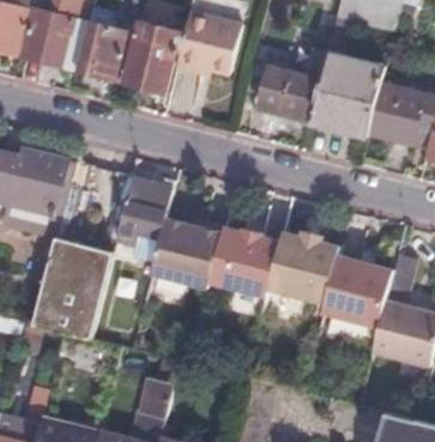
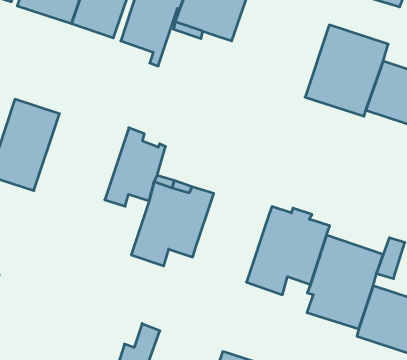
building: [254,48,322,123] -> none
building: [209,224,278,315] -> none
building: [31,237,114,339] -> none

